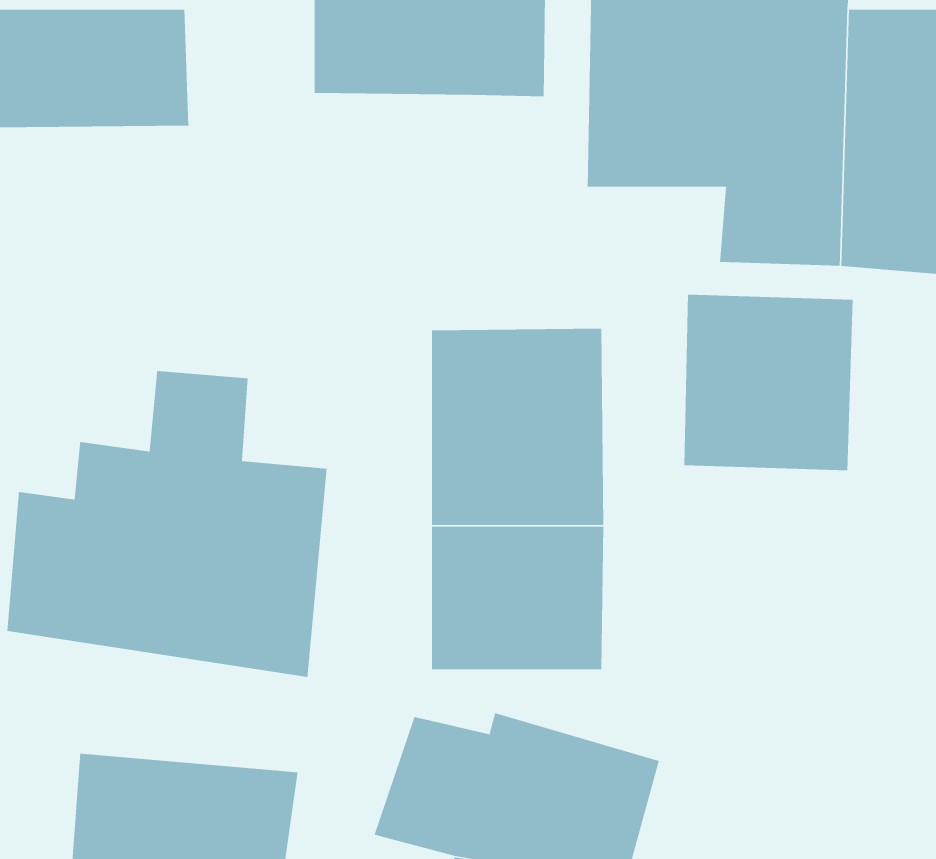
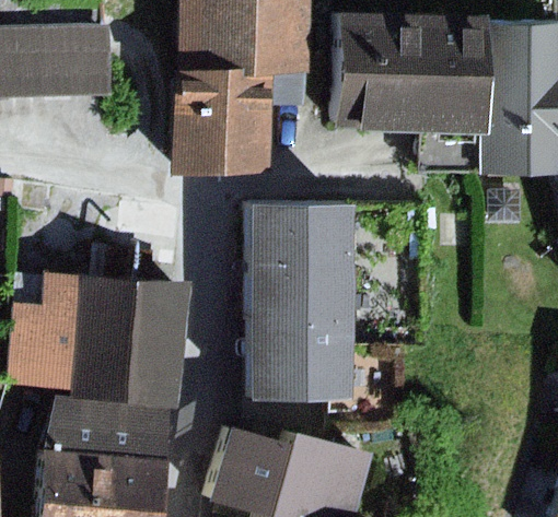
building: none -> [170,74,271,174]
building: [683,294,854,471] -> none
building: none -> [48,397,173,460]

